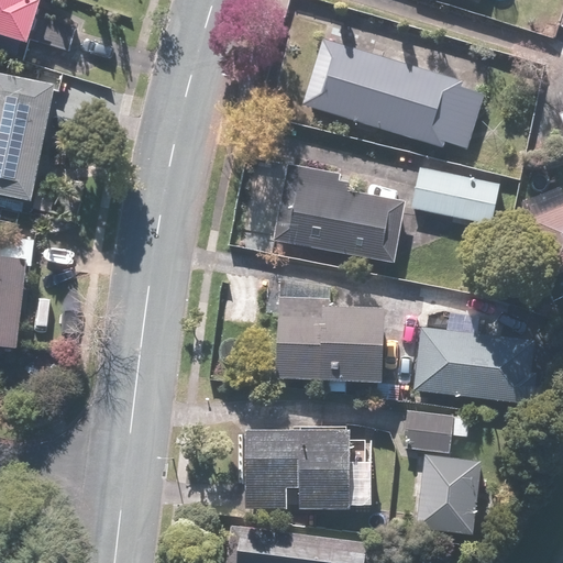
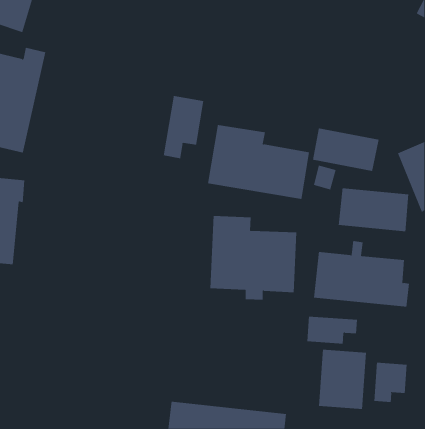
building: [295,36,485,150] -> none
building: none -> [163,95,204,159]
building: none -> [338,188,409,232]
building: [241,429,371,509] -> none
building: none -> [374,362,407,403]

